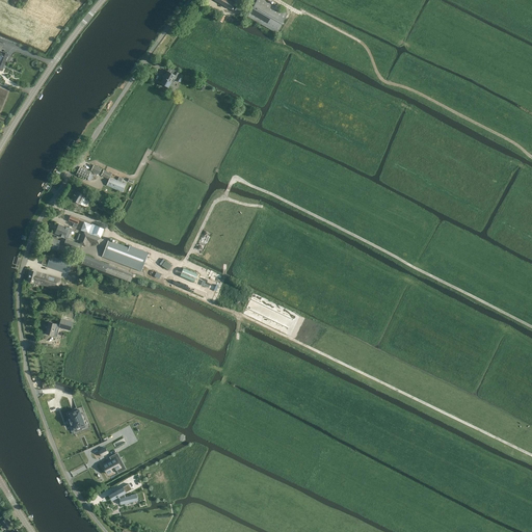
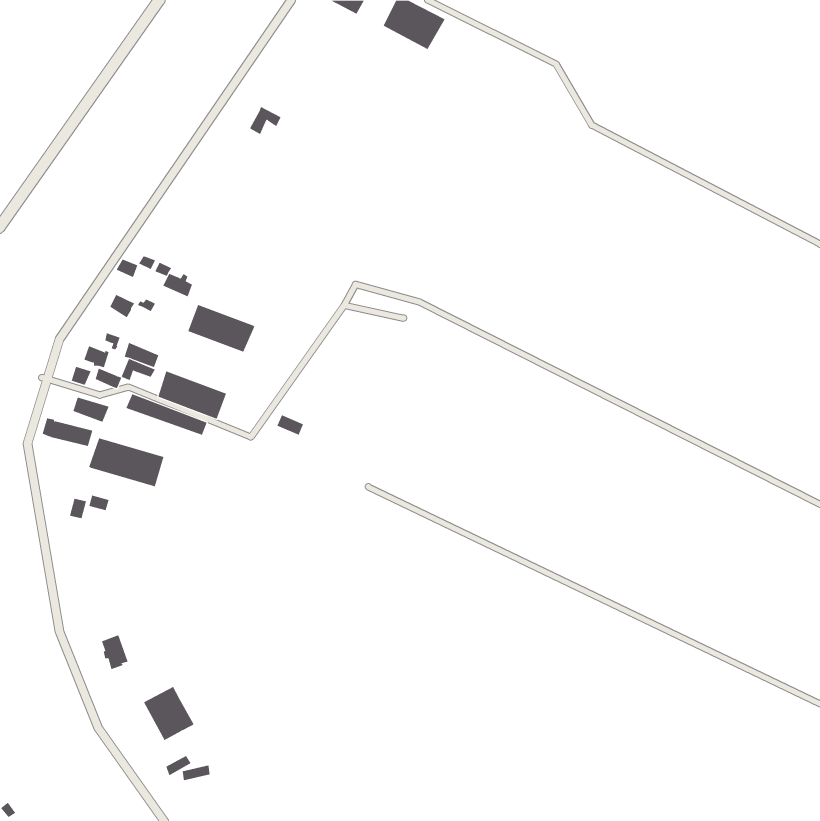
building: none -> [187,304,255,353]
building: none -> [89,438,164,487]

